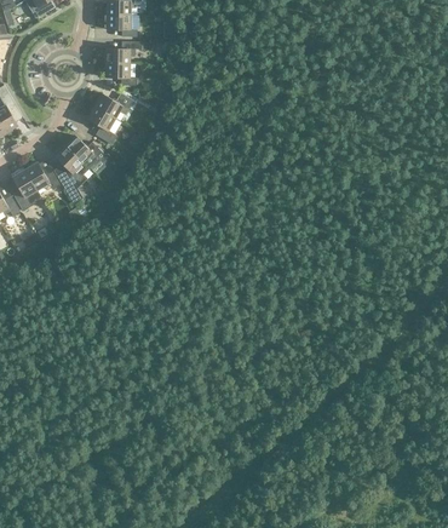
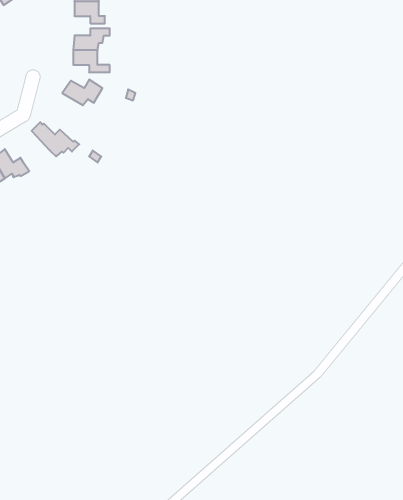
building: [86,105,116,144] -> none
building: [53,143,87,205] -> none

